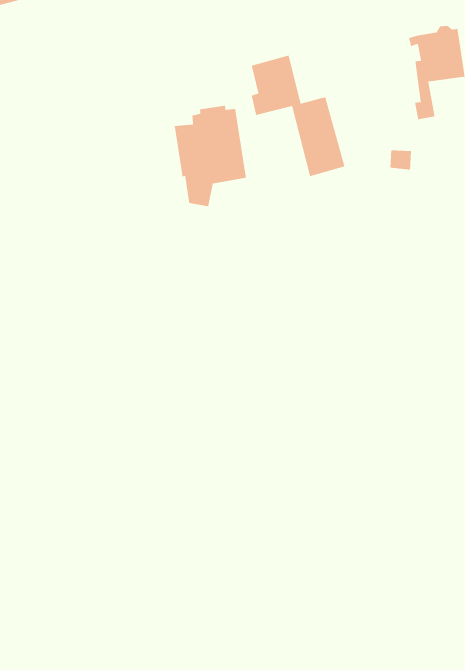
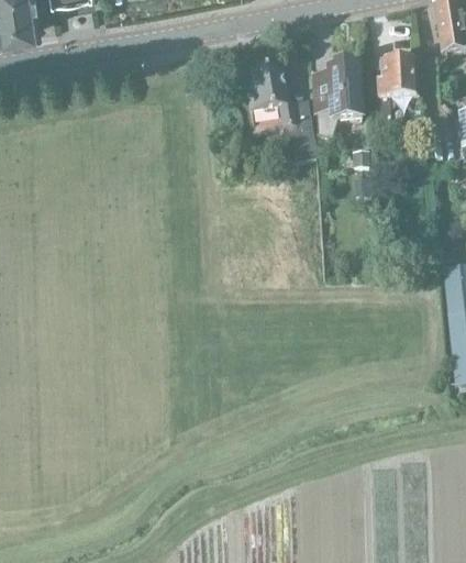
building: [174,105,247,207] -> [312,59,365,137]

